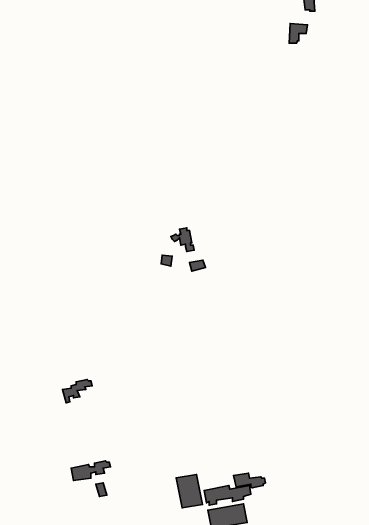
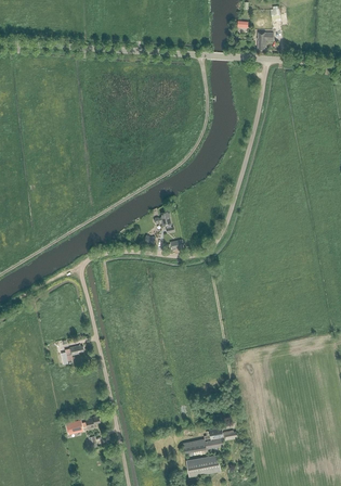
building: [176,474,202,508] -> none

